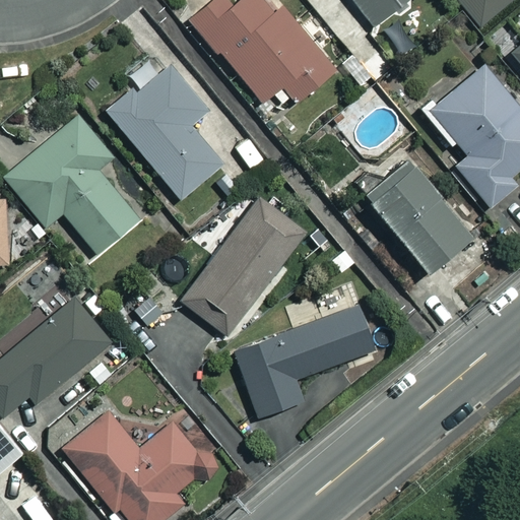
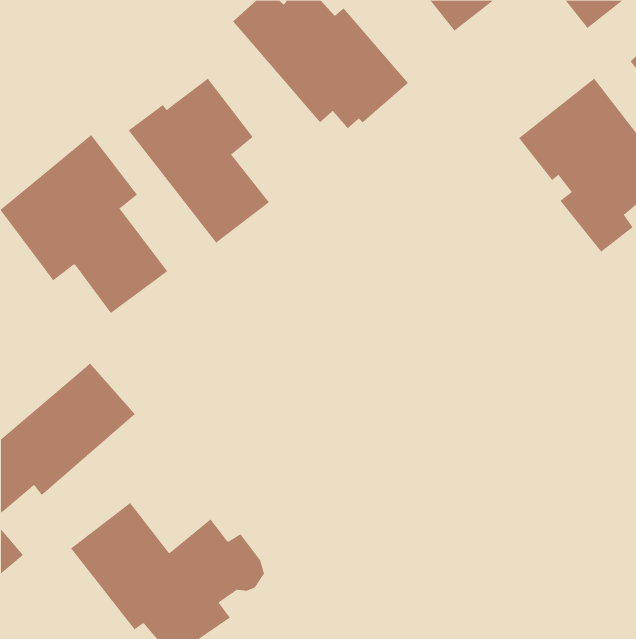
building: [363,155,472,270] -> none
building: [181,195,309,335] -> none
building: [235,305,375,417] -> none

